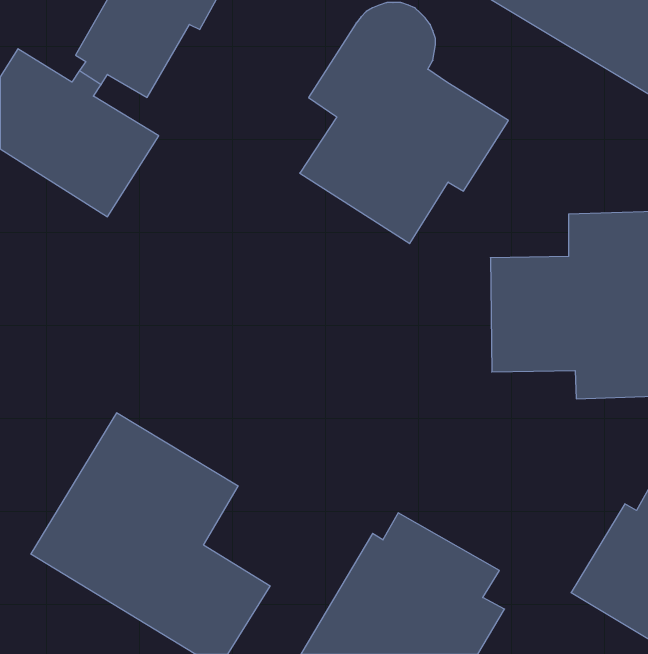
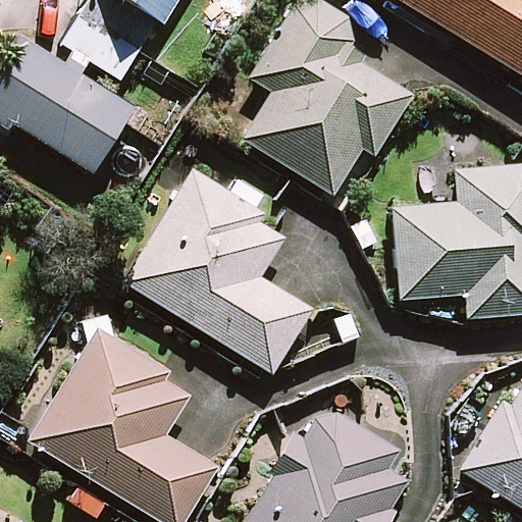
building: none -> [125,171,310,371]

